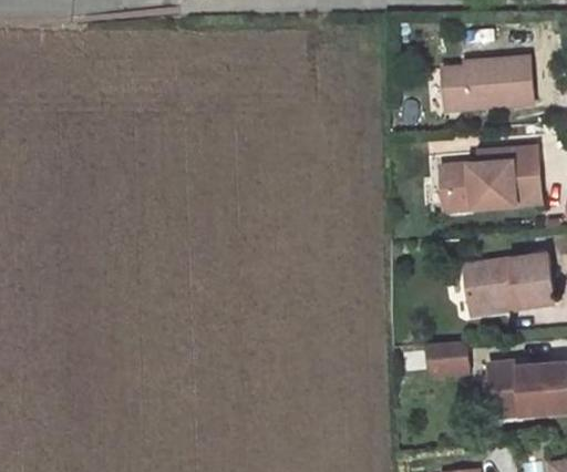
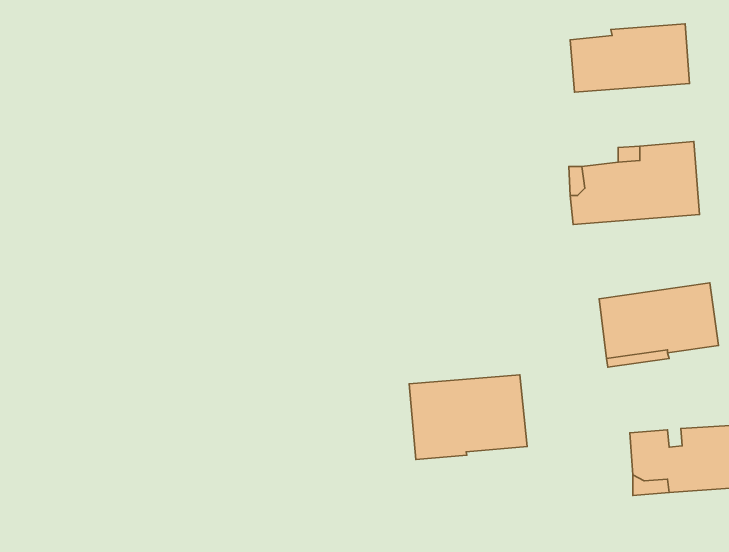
building: none -> [409,375,527,459]
building: [426,341,468,374] -> none

